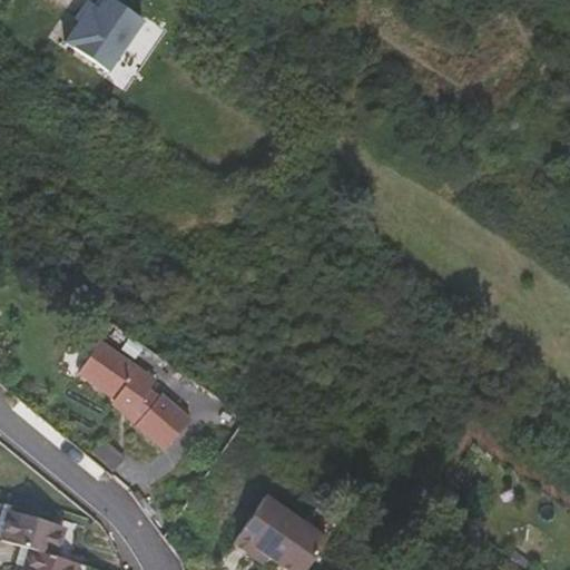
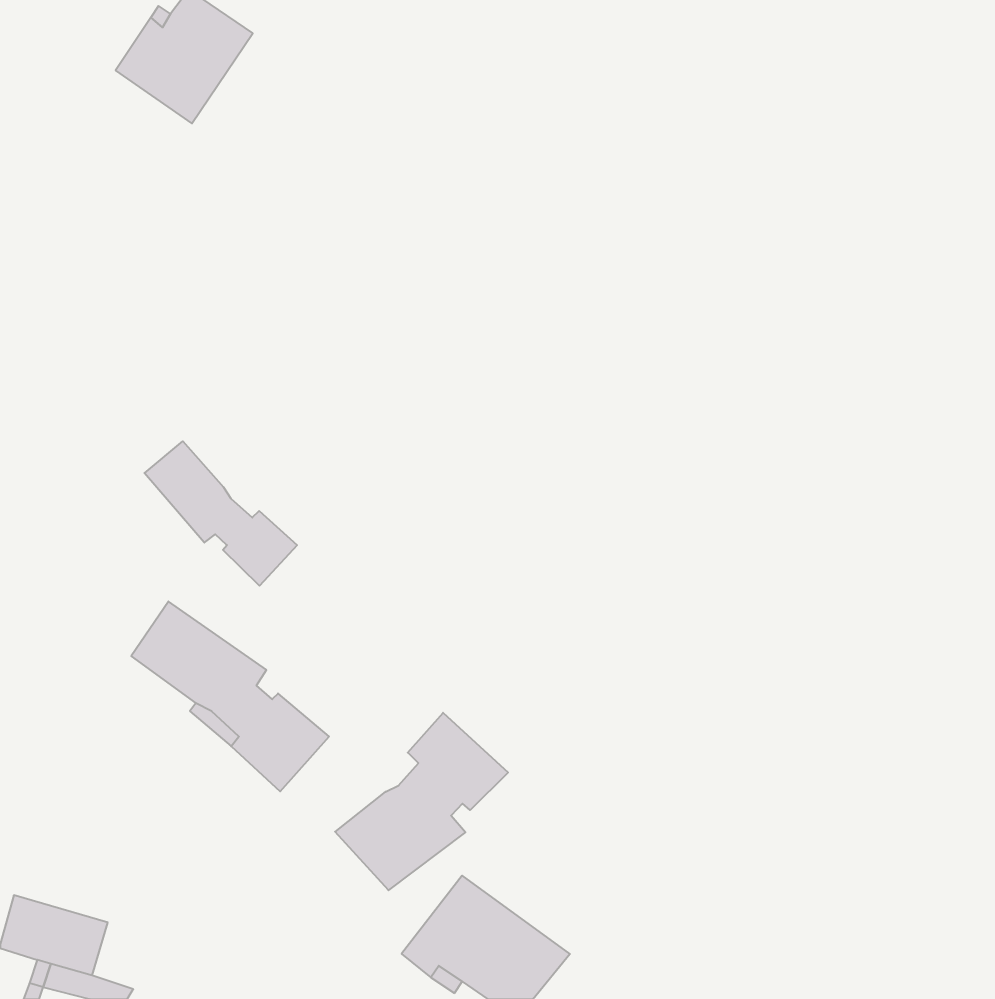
building: none -> [144,441,297,586]
building: none -> [335,713,508,890]

